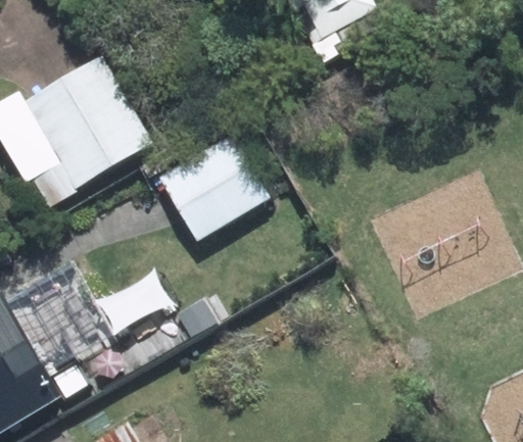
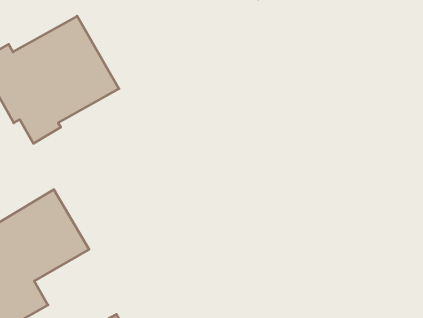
building: [162,138,269,238] -> none

